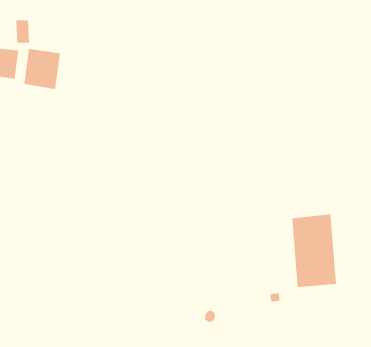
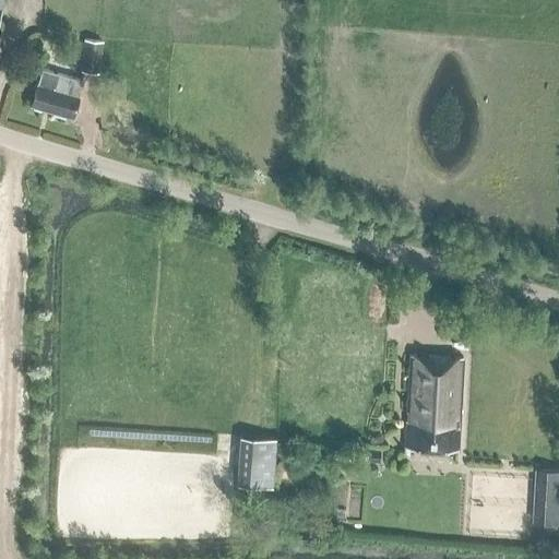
building: [24,48,60,90] -> none
building: none -> [242,439,276,490]

